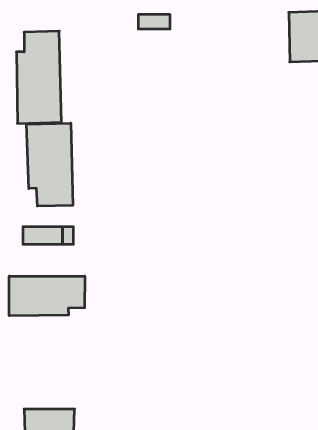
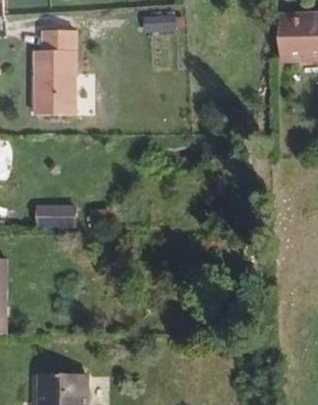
building: [27,123,73,206] -> none
building: [9,276,85,316] -> none

